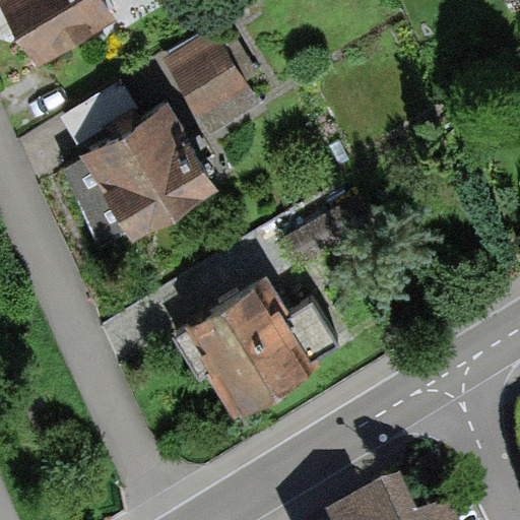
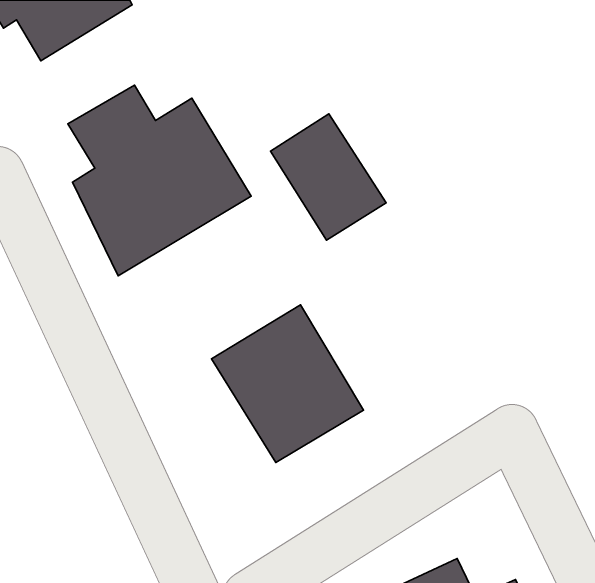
building: [162,32,263,142] -> [271,114,386,240]

